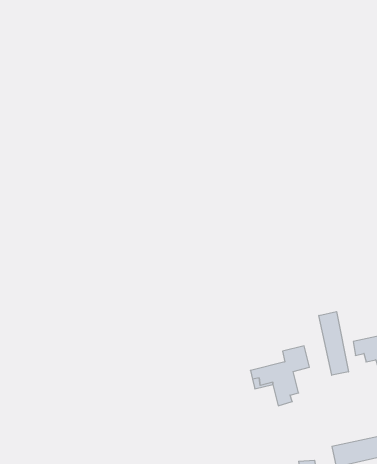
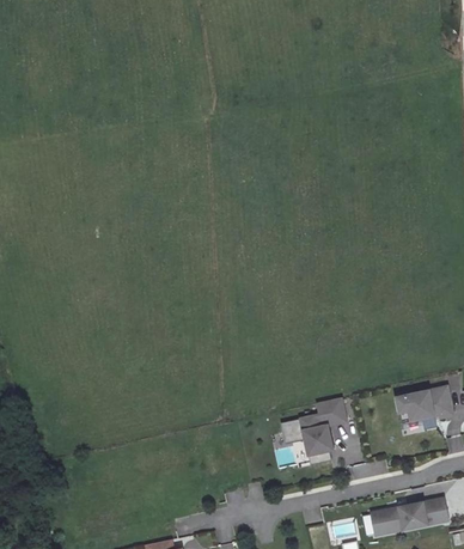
building: [319,312,348,375] -> none

